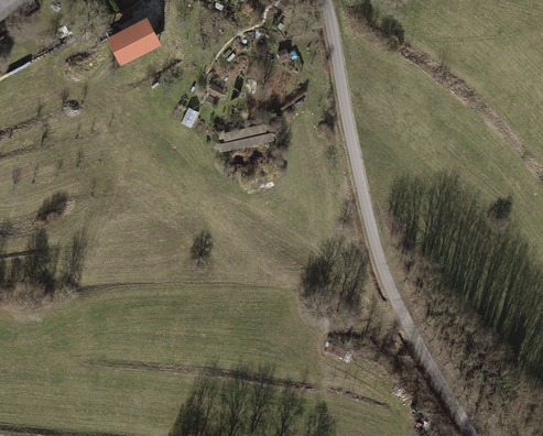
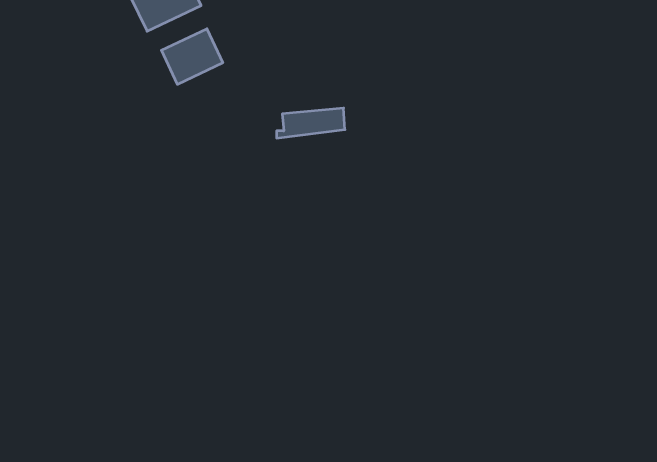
building: none -> [161,29,223,84]

